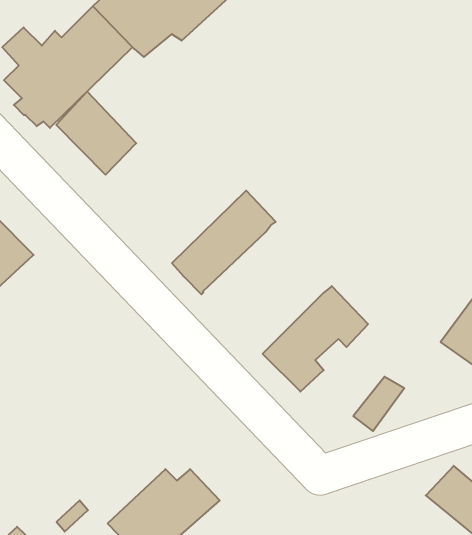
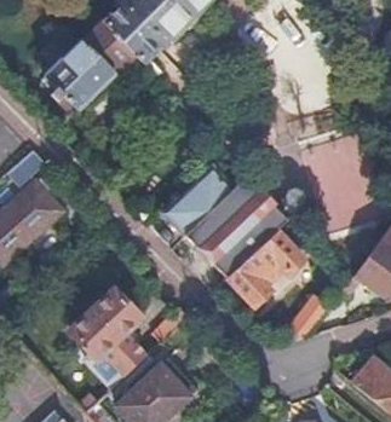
building: [56,92,136,175] -> none
building: none -> [186,175,289,279]
building: none -> [68,287,145,375]

